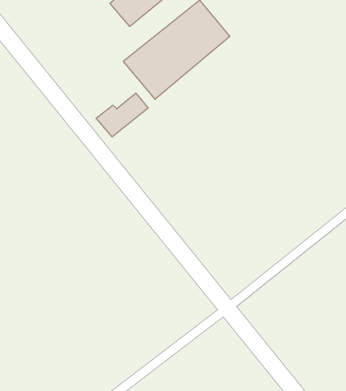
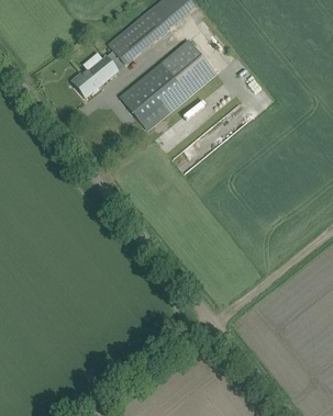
building: [96,93,148,137] -> [71,57,119,97]

